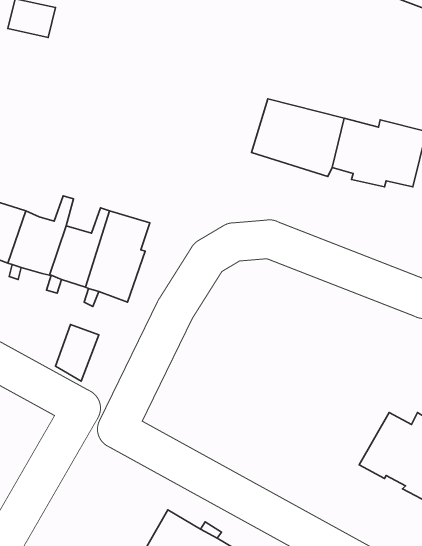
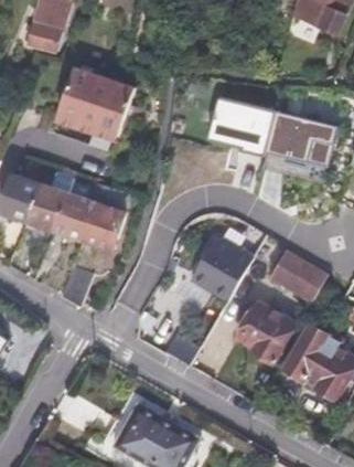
building: none -> [60,64,135,130]
building: none -> [189,236,250,300]
building: none -> [272,254,324,299]
building: none -> [237,305,292,364]

